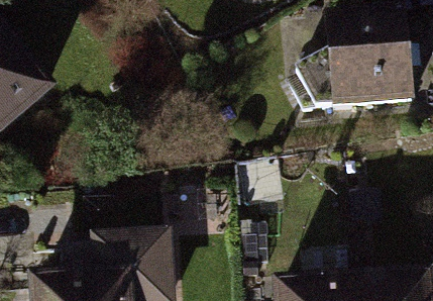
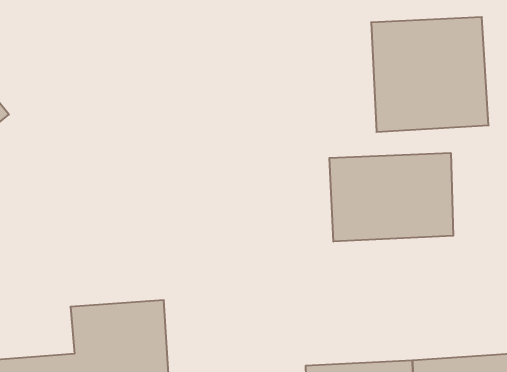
building: none -> [329,153,453,242]

